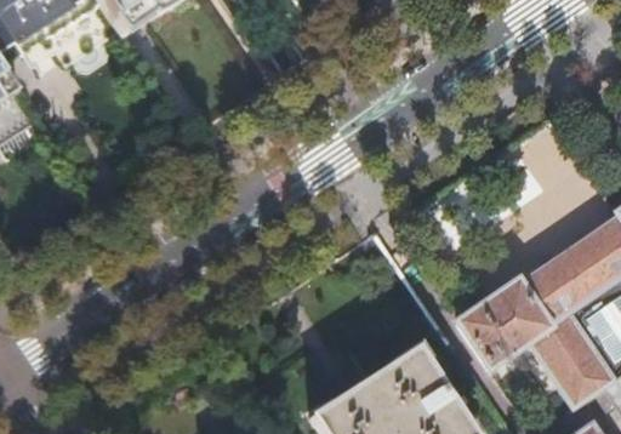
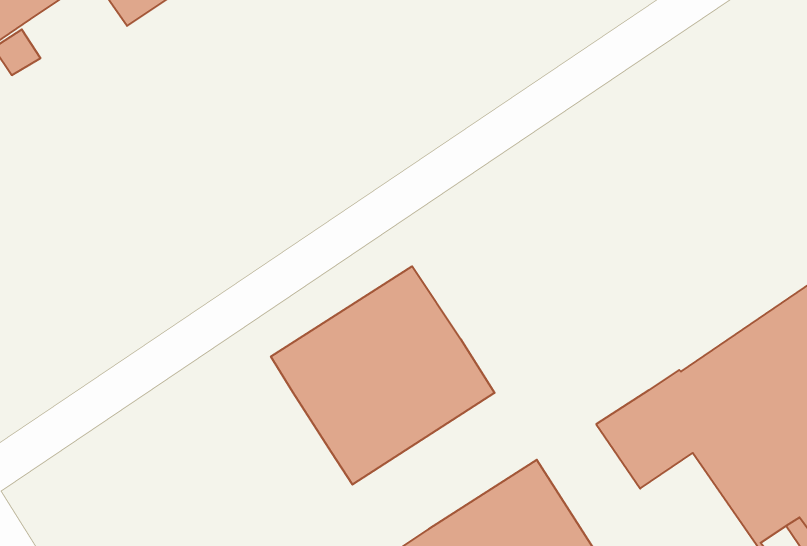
building: none -> [271,266,495,485]

